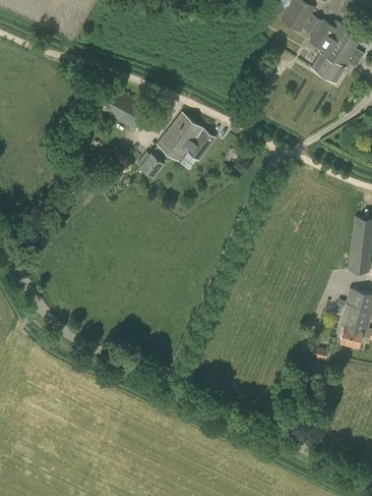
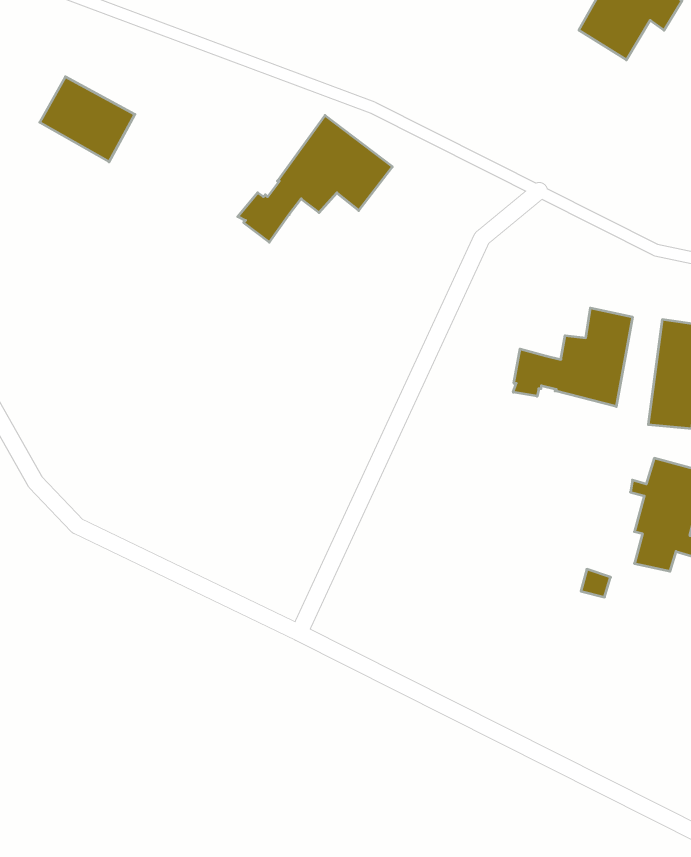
building: [101,88,149,131] -> [40,77,135,162]
building: none -> [513,308,632,407]

